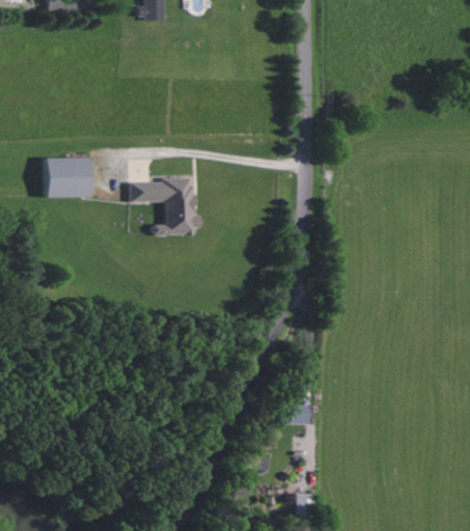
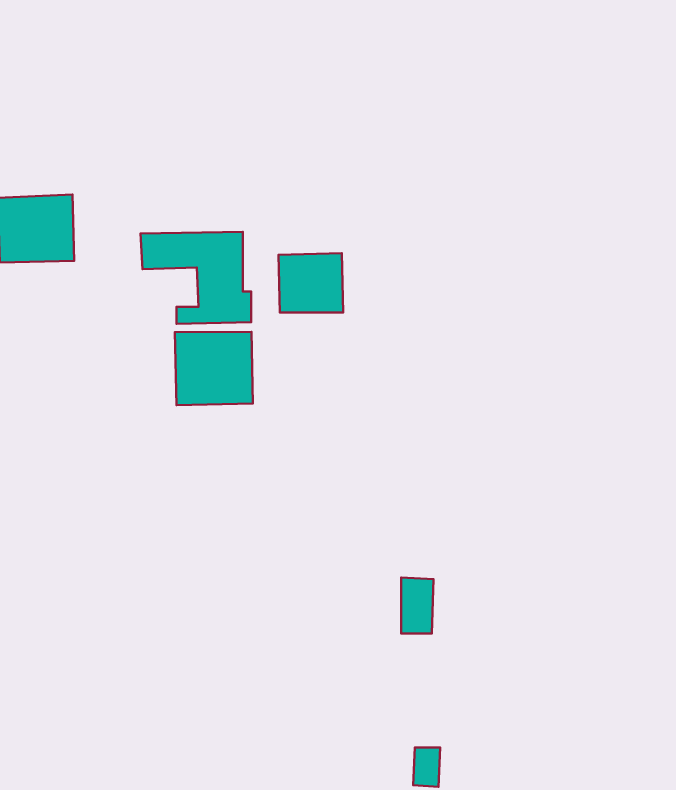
building: none -> [279,253,343,313]
building: none -> [175,332,253,405]

